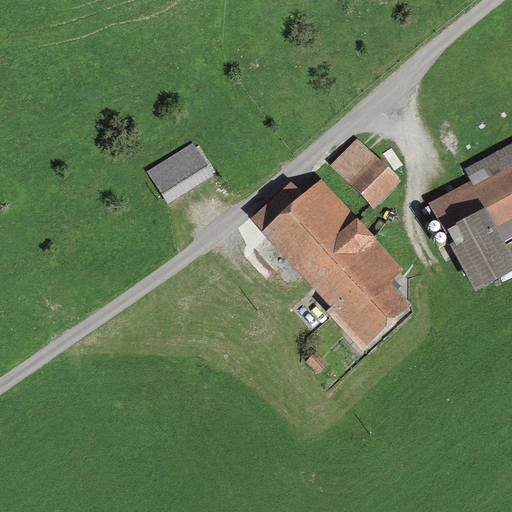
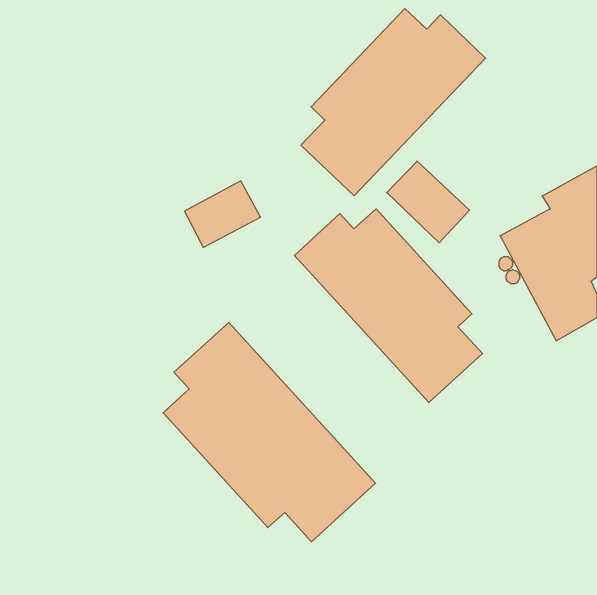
building: none -> [301,9,486,196]
building: none -> [163,323,376,542]

